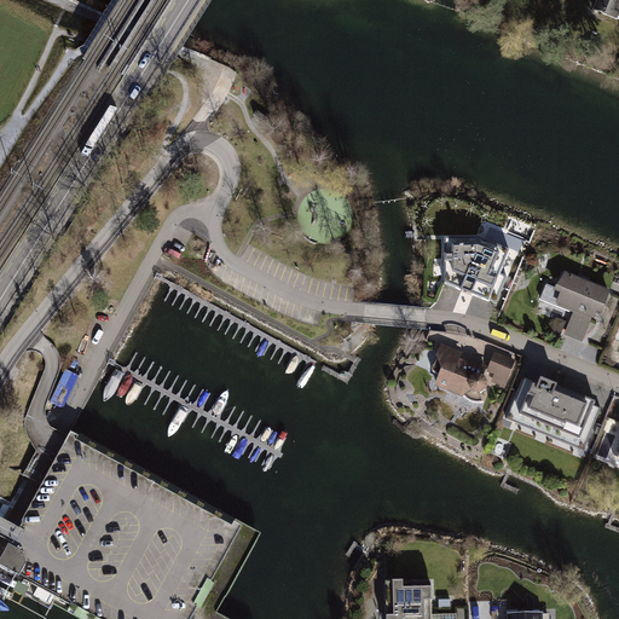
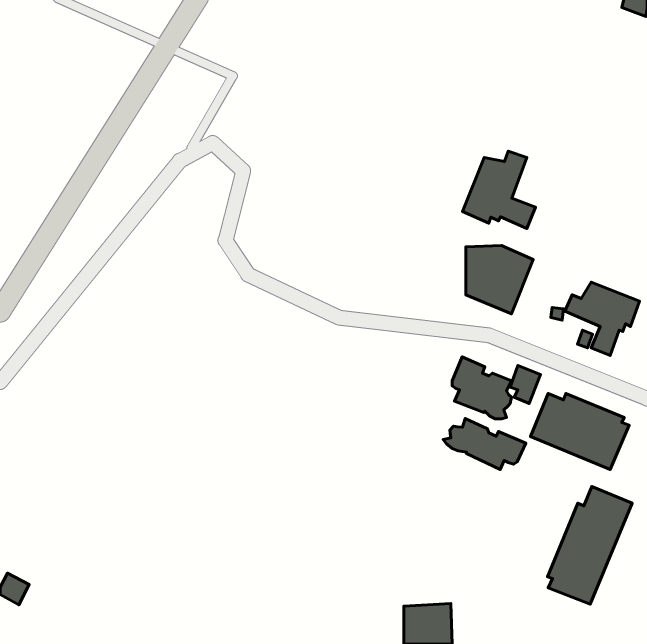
building: none -> [462,151,535,229]
building: none -> [443,419,526,469]
building: none -> [548,486,632,604]

